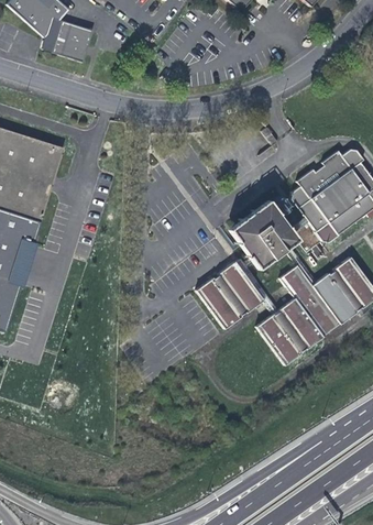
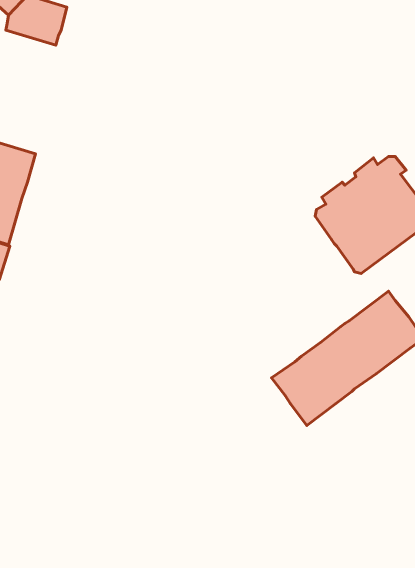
building: [228,192,309,273] -> none
building: [197,262,264,329] -> none
building: [281,265,312,298] -> none

